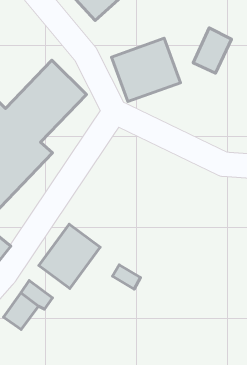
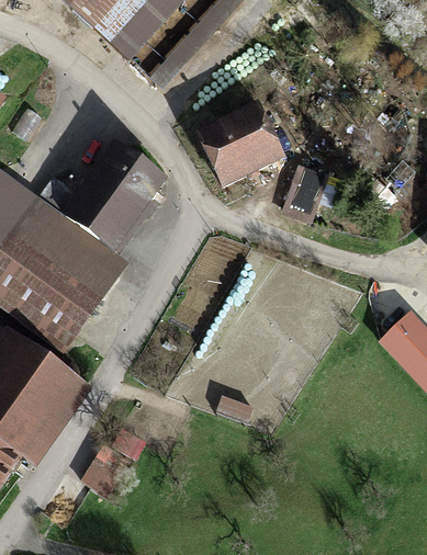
building: [193,28,231,73] -> [281,163,326,219]
building: [39,224,100,289] -> none

